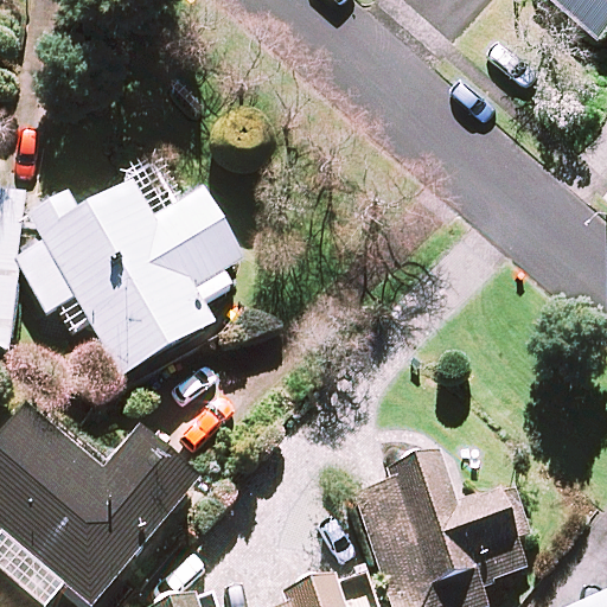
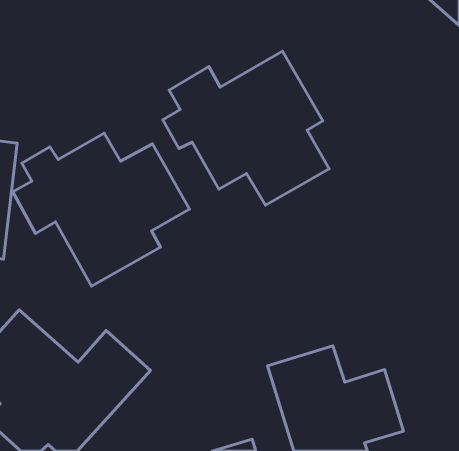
building: none -> [163,51,329,205]

